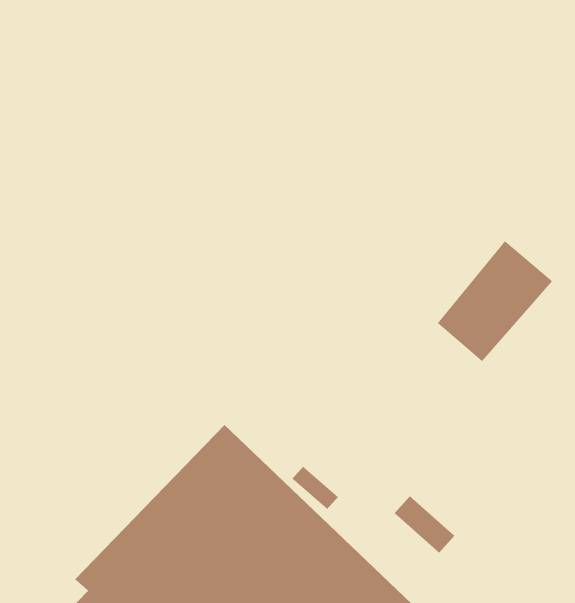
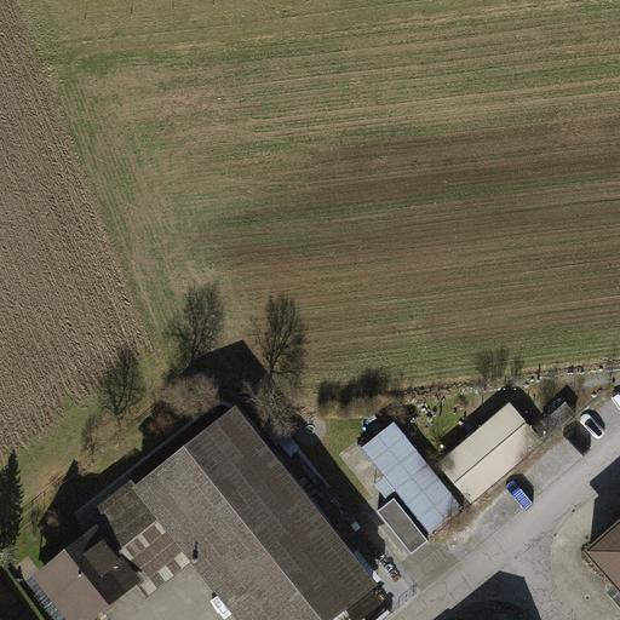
building: [437,240,553,362] -> [436,402,545,506]
building: none -> [360,423,460,534]

